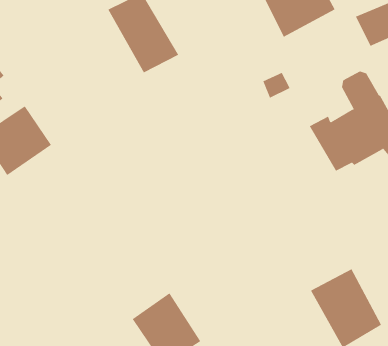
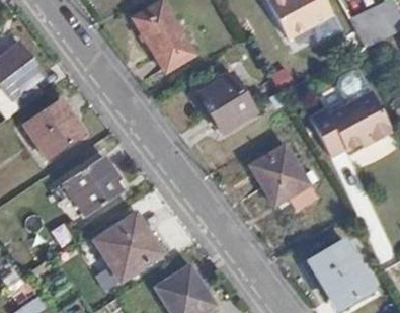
building: none -> [199,74,254,130]
building: none -> [249,145,315,209]
building: none -> [64,156,121,217]
building: none -> [93,213,161,280]

